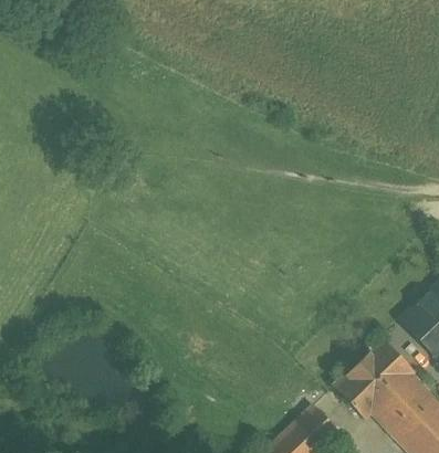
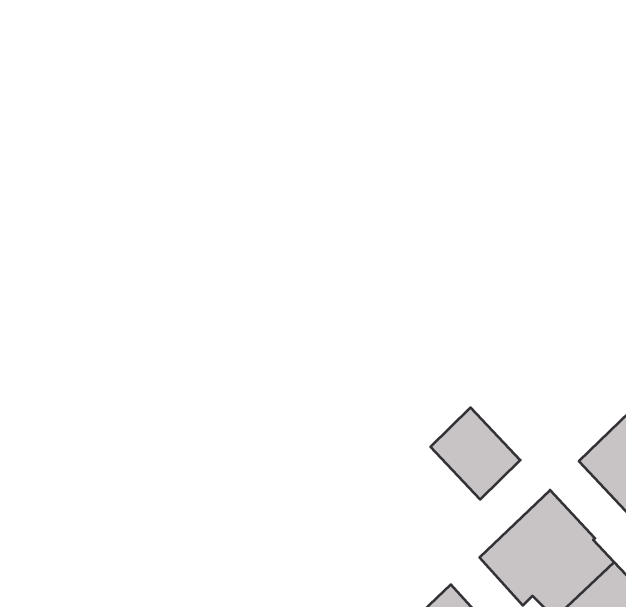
building: none -> [431,408,520,499]

